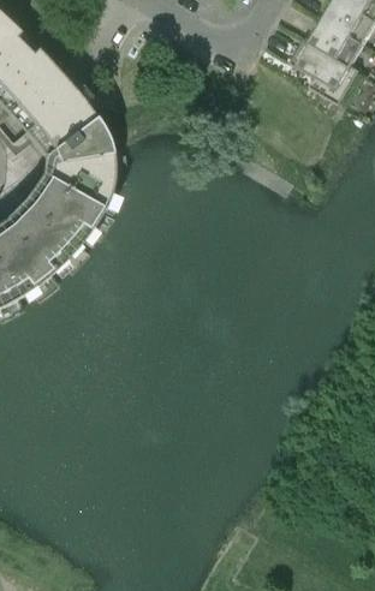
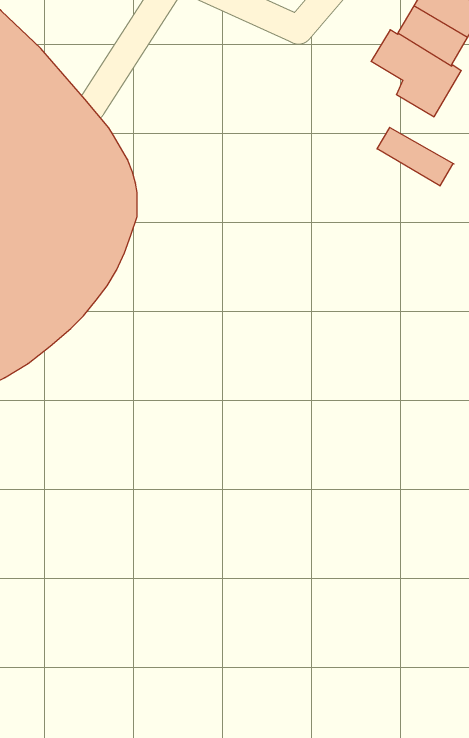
building: none -> [377,127,454,186]

